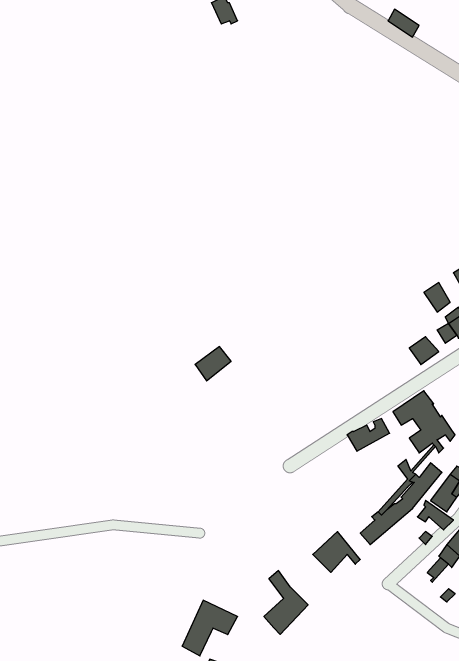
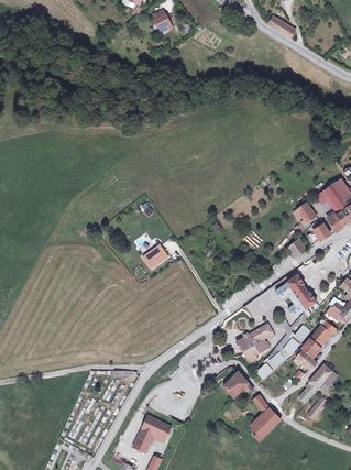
building: none -> [238,324,272,362]
building: [264,571,308,634] -> [251,394,281,437]

